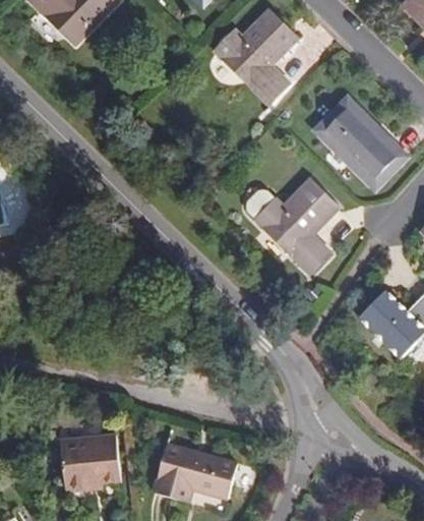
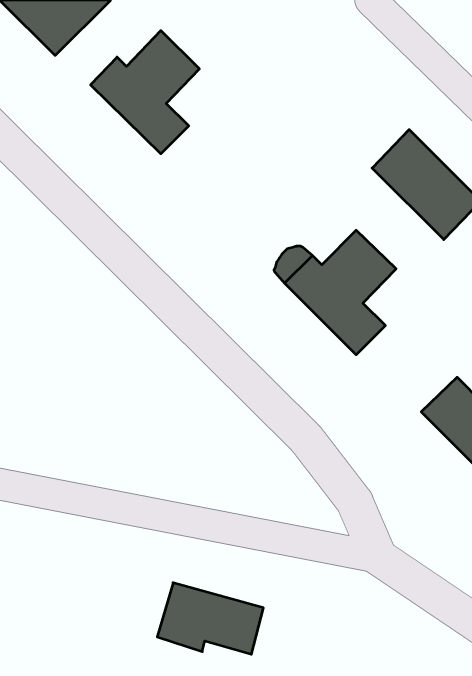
building: [213,7,296,102] -> [91,31,199,154]
building: [60,436,119,493] -> none

